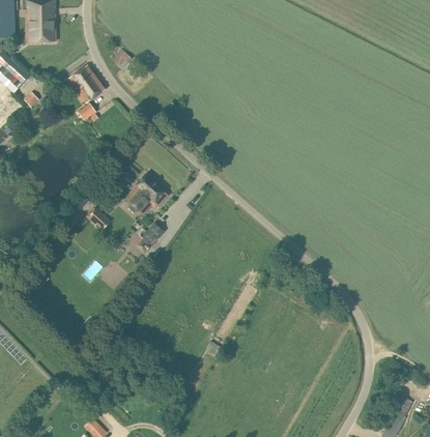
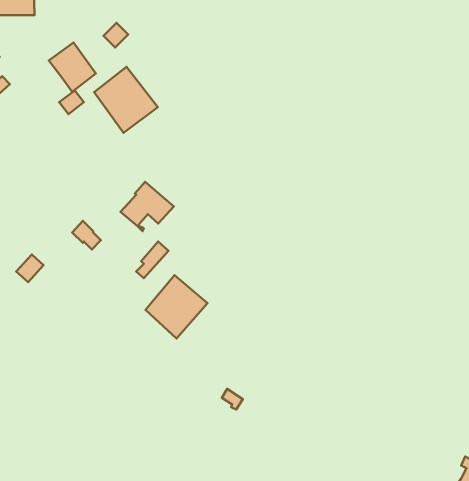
building: none -> [94,67,158,133]
building: none -> [145,275,207,338]

